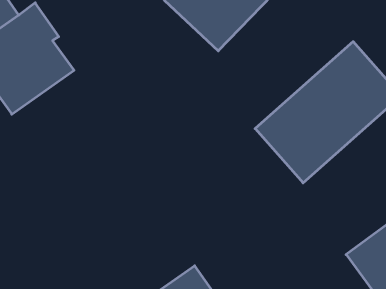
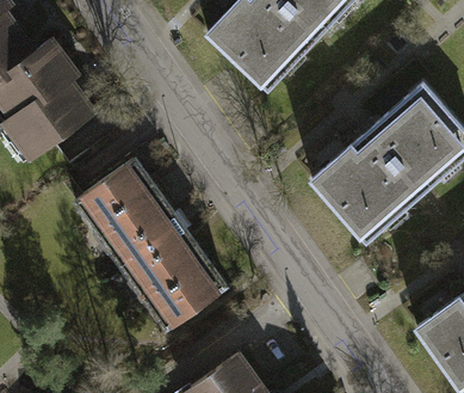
building: none -> [75,158,224,328]

